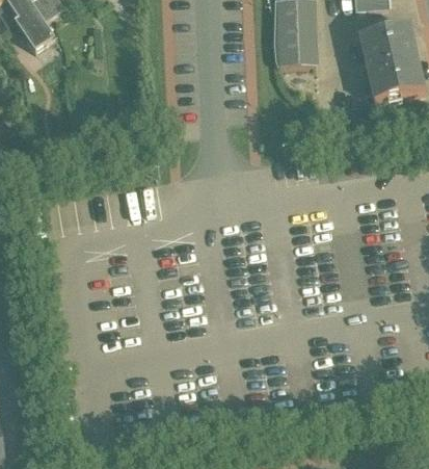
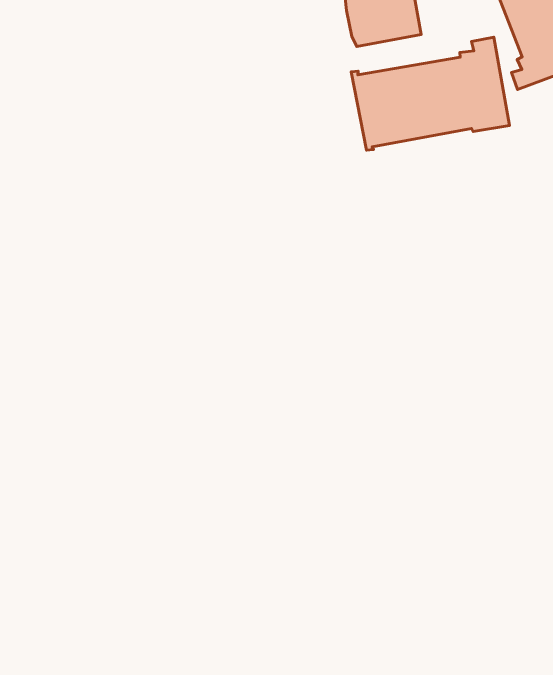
building: none -> [351,37,510,150]

